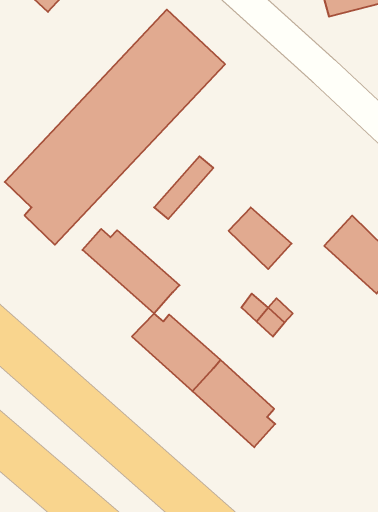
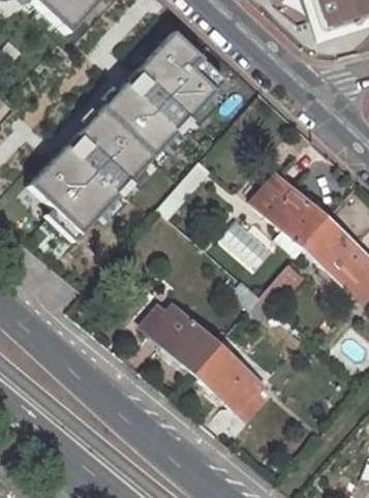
building: none -> [257,166,335,252]
building: [82,229,180,313] -> none

